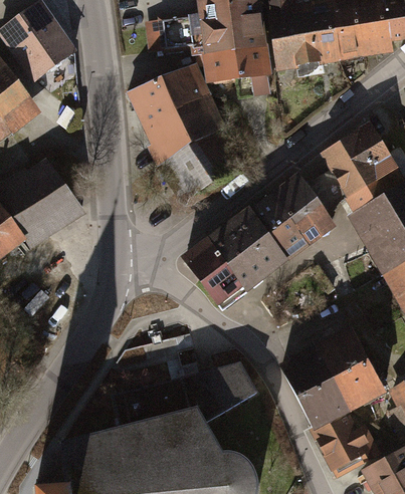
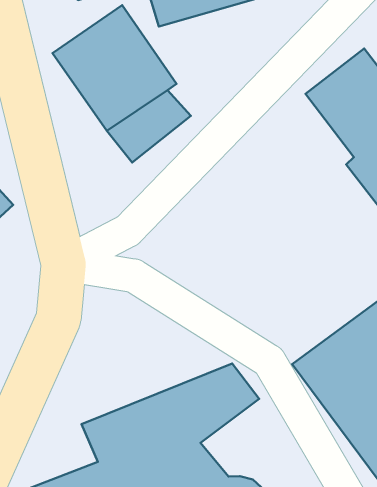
building: [189,172,342,308] -> none

